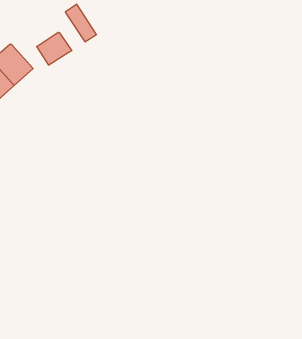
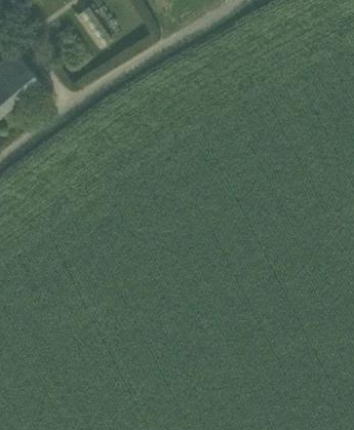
building: [37,32,72,65] -> none

